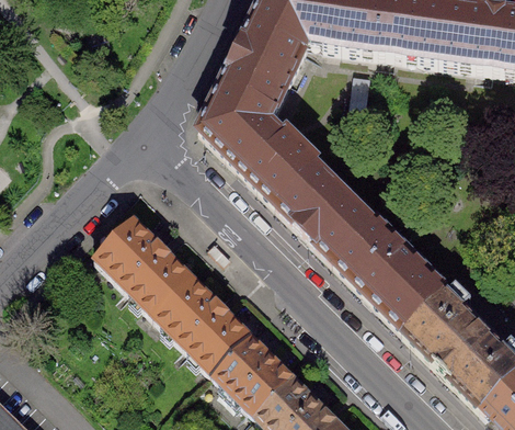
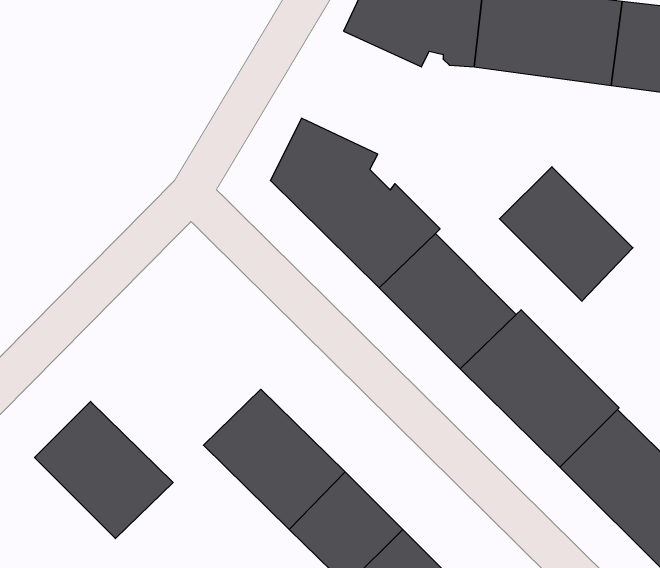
building: [222,23,307,110] -> none
building: none -> [499,167,633,301]
building: [96,218,194,315] -> [35,401,173,539]

